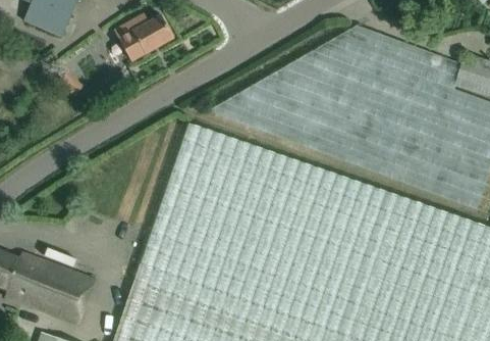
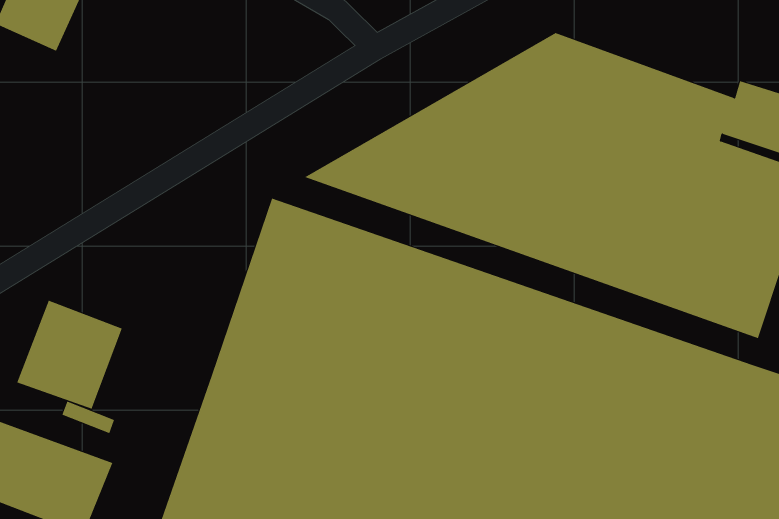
building: [123,16,173,62] -> none
building: none -> [17,300,123,410]

